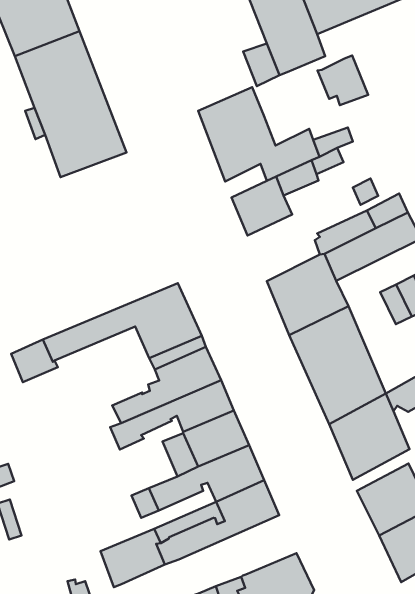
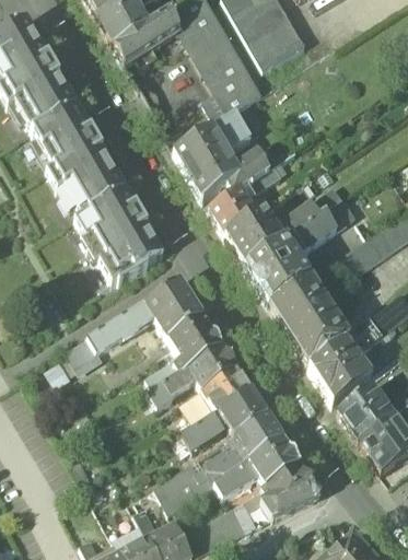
building: [317,55,368,105] -> [213,108,254,147]
building: none -> [77,187,165,281]
building: none -> [228,209,283,266]
building: none -> [215,438,302,498]

